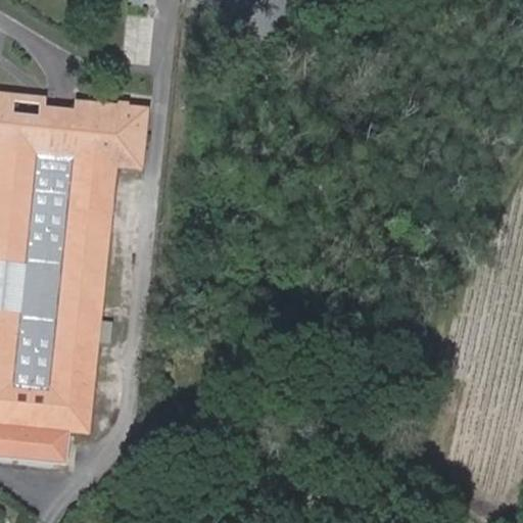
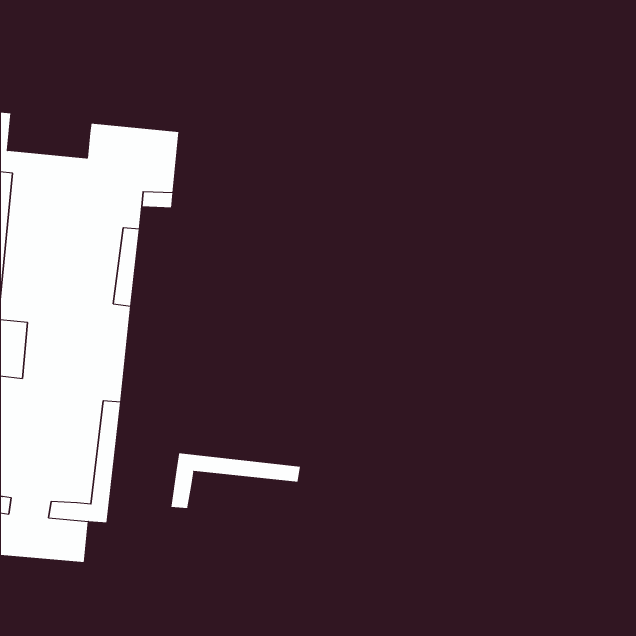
building: [6,93,74,130] -> none
building: none -> [171,452,301,509]

